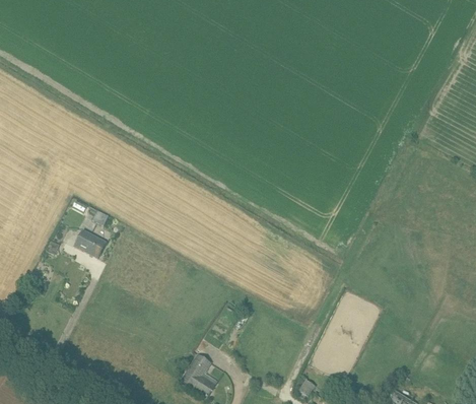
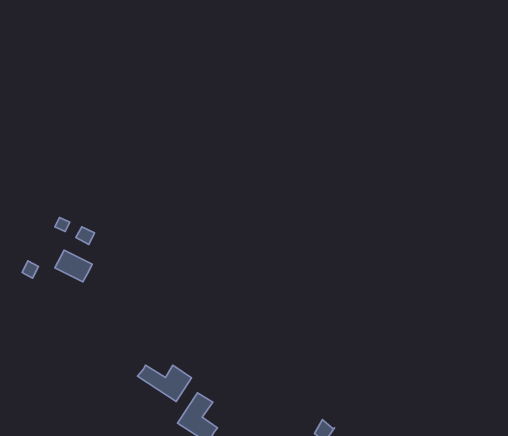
building: none -> [138,365,191,401]

